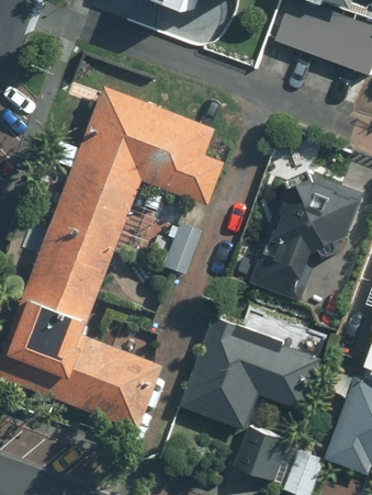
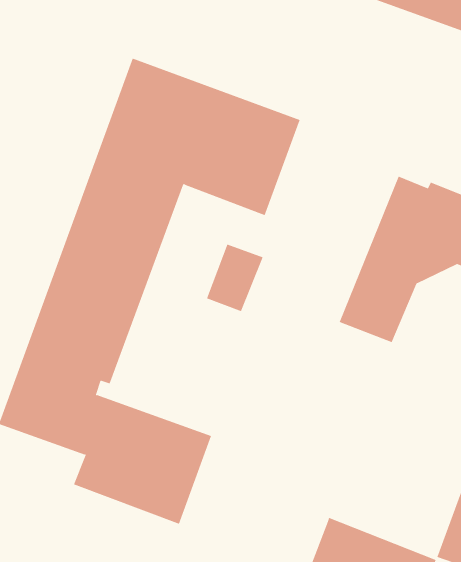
building: [180,324,323,429] -> none

